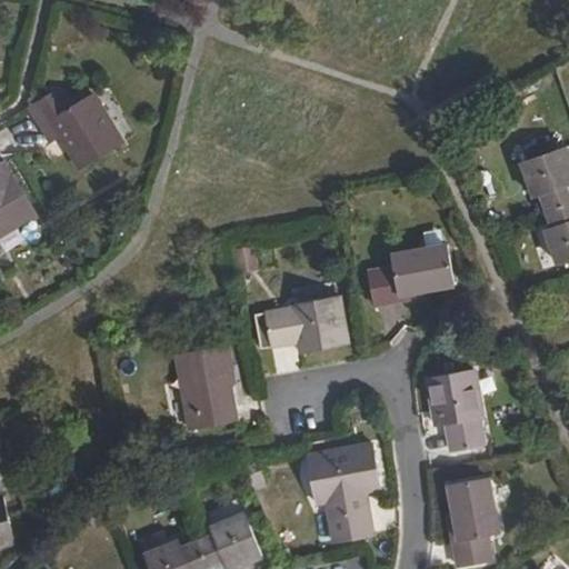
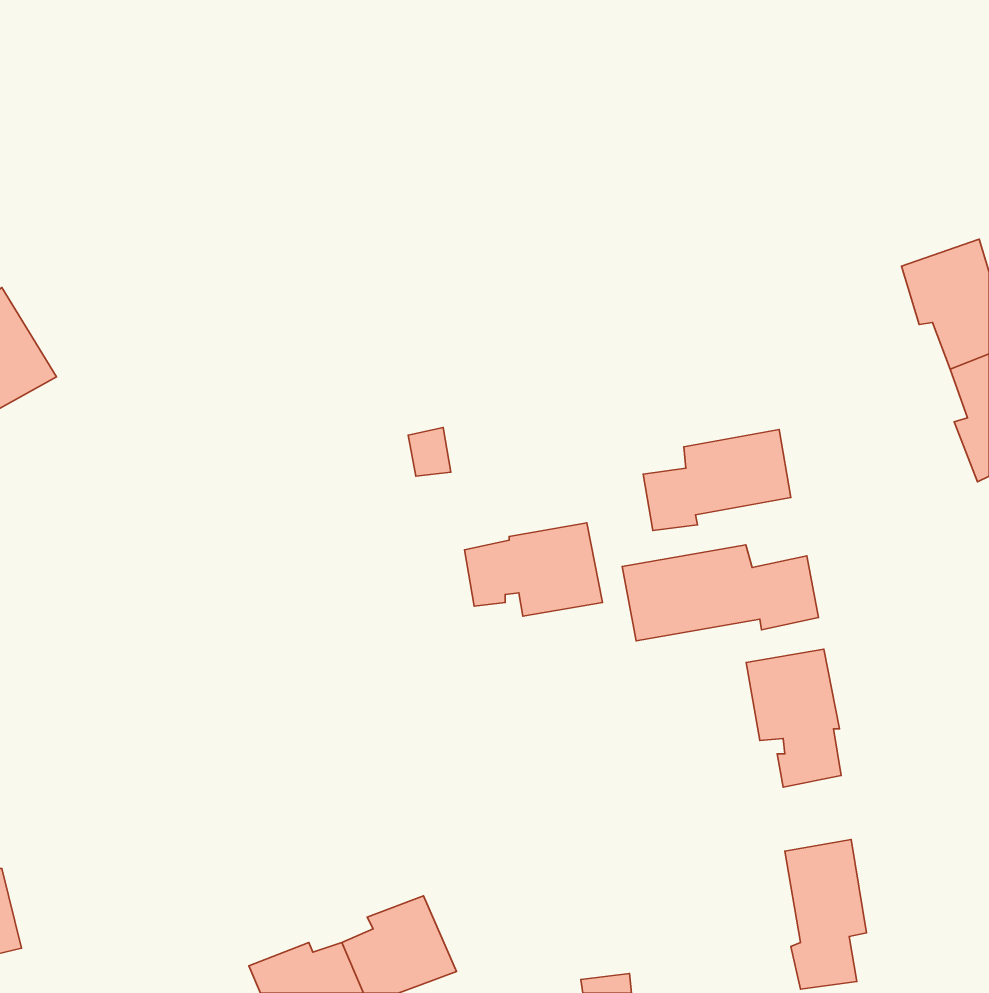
building: [36,84,129,164] -> none
building: none -> [622,545,819,641]
building: [178,346,236,429] -> none
building: [308,446,379,542] -> none

